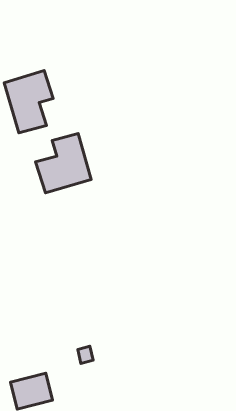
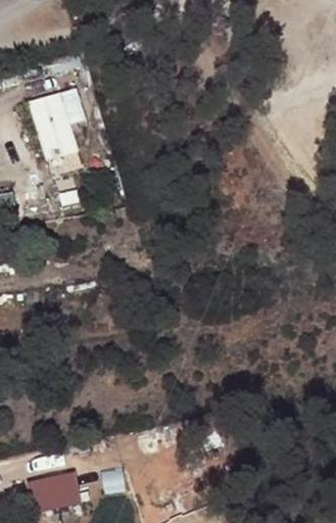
building: [36,134,91,193] -> none

